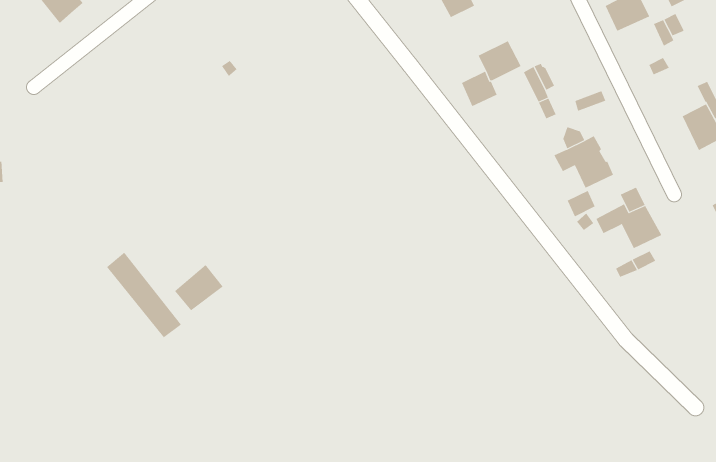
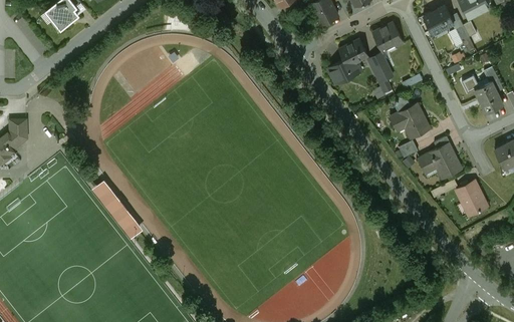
building: none -> [371,22,402,52]
building: none -> [455,180,487,215]
building: [174,264,223,311] -> none

